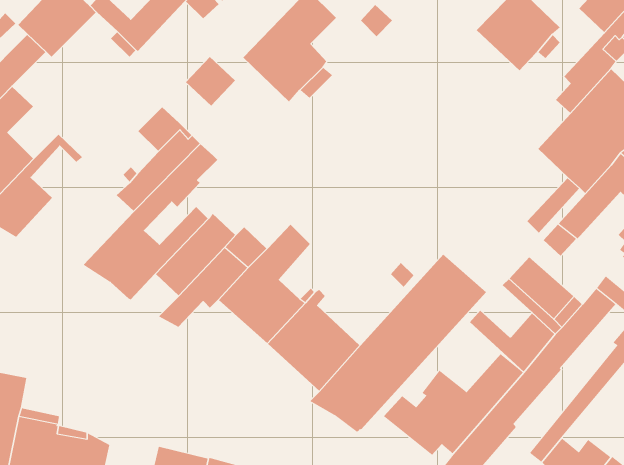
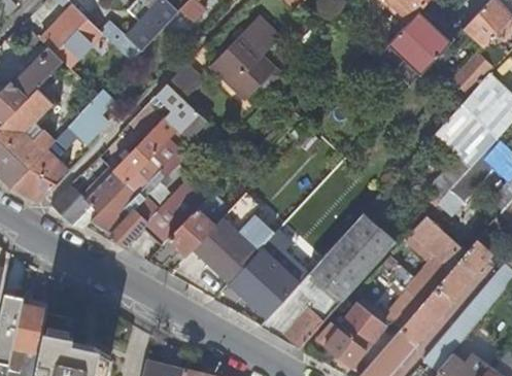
building: none -> [152,84,206,140]
building: none -> [71,96,107,141]
building: none -> [50,168,128,232]

